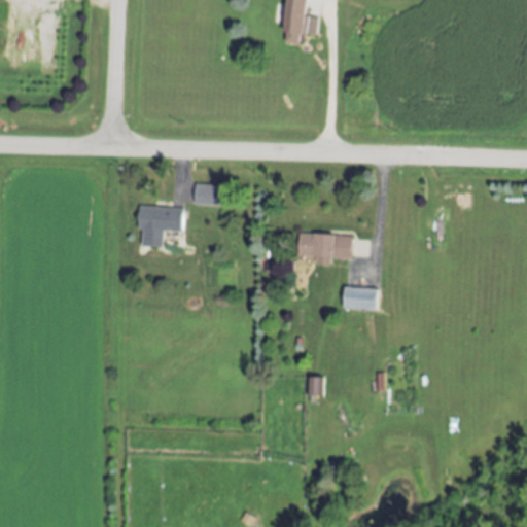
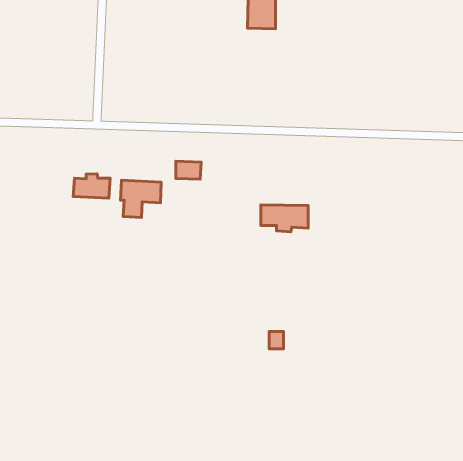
building: none -> [73,174,110,198]
building: [342,288,376,309] -> none

